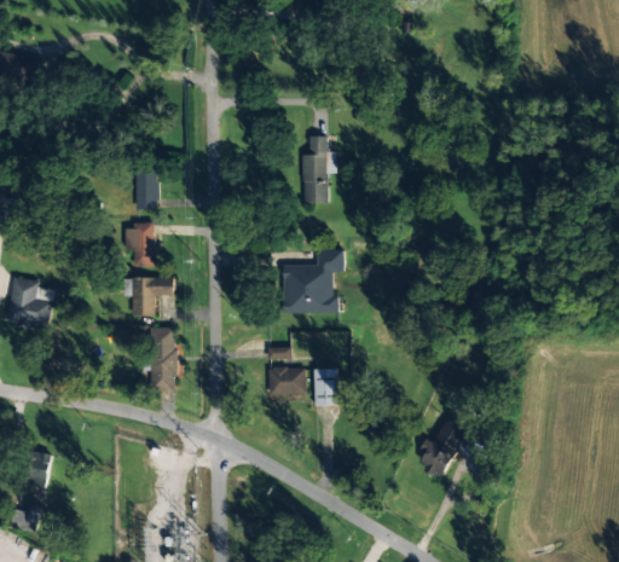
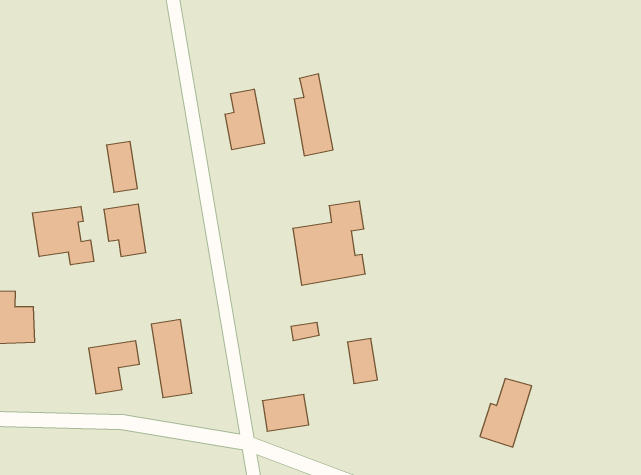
building: none -> [225,89,265,150]
building: none -> [32,206,94,265]
building: [133,277,174,317] -> [89,341,139,394]
building: [270,367,306,394] -> [262,394,309,431]

